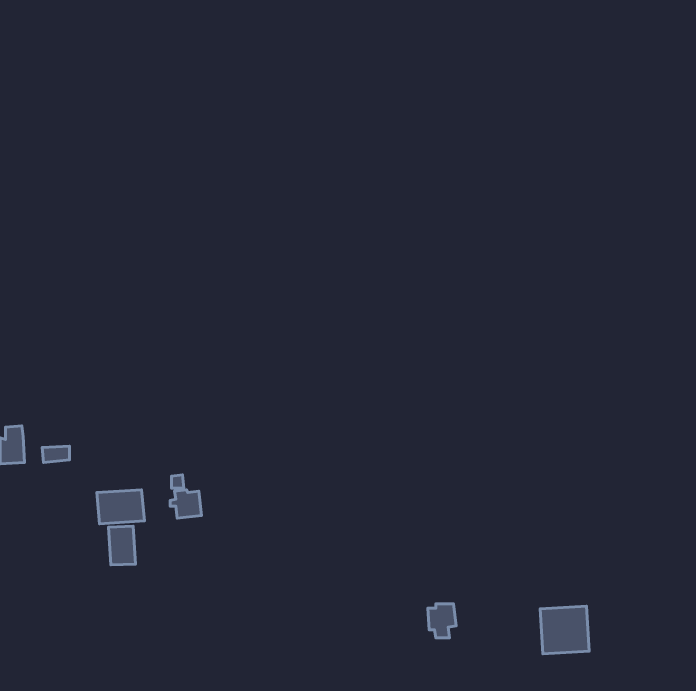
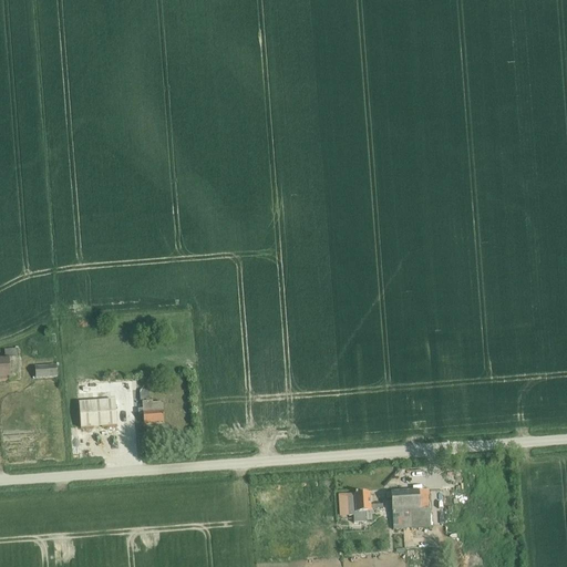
building: [109,526,136,565] -> none
building: [540,606,589,654] -> [391,488,431,527]

